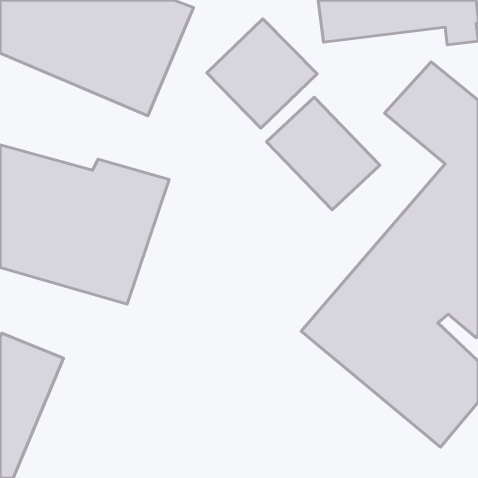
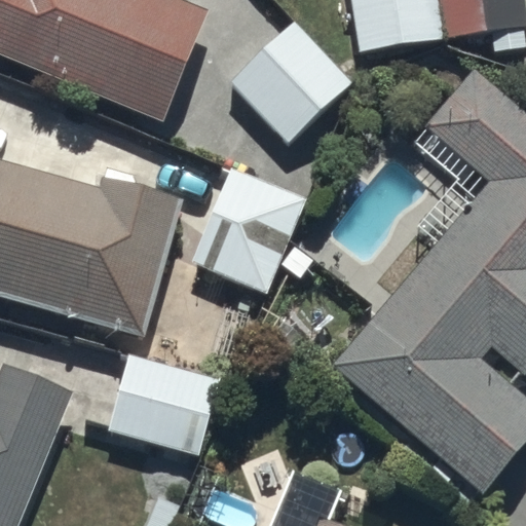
building: [267,97,380,210] -> none
building: none -> [189,165,303,289]
building: none -> [106,351,220,454]

